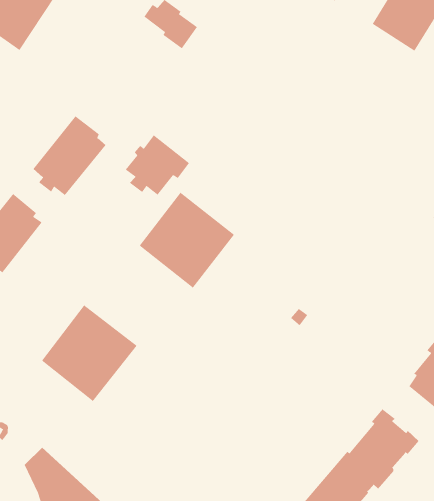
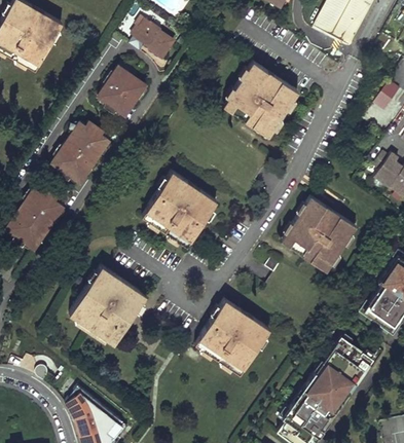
building: none -> [222,60,296,134]
building: [125,134,190,195] -> [98,67,149,115]
building: none -> [283,197,358,272]
building: none -> [196,301,271,376]

